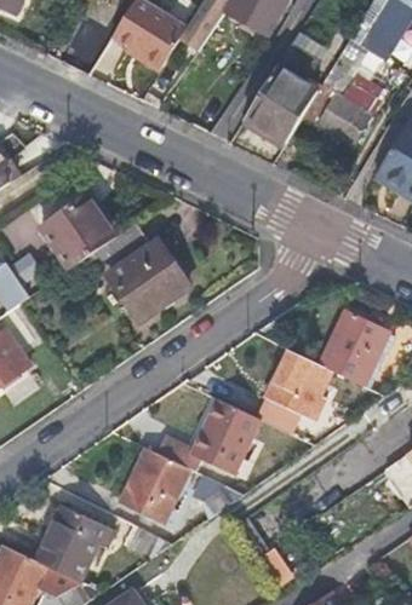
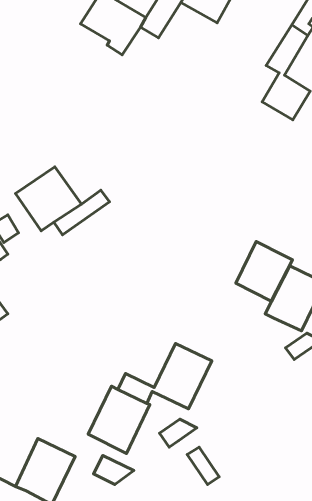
building: [244,44,316,144] -> none
building: [108,241,188,319] -> none
building: [265,350,330,417] -> [236,242,292,301]

